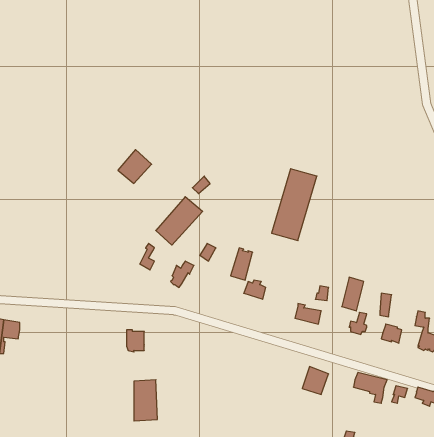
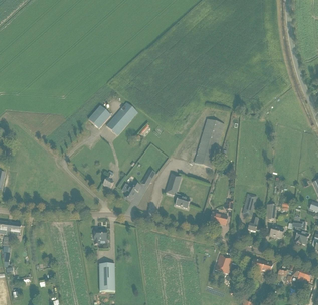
building: [156,197,203,245] -> [106,102,138,135]

